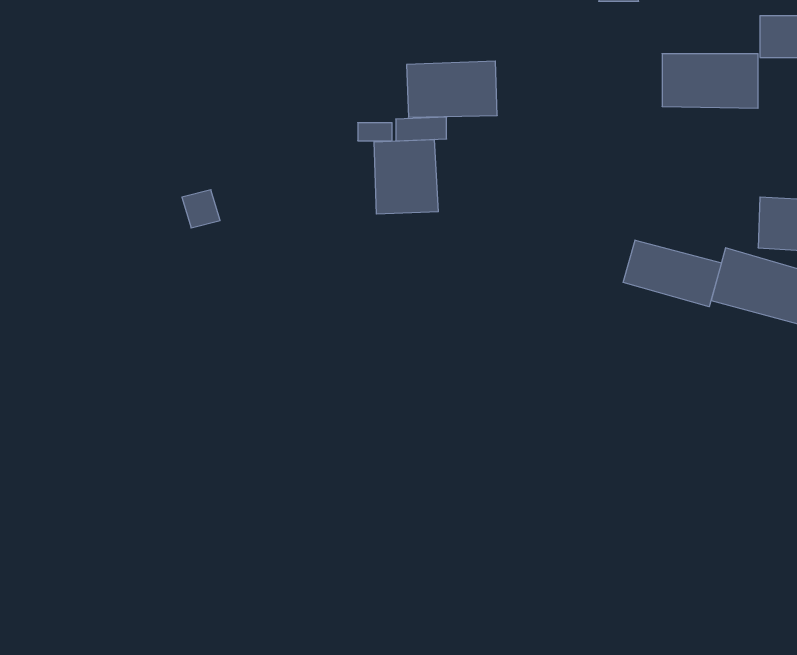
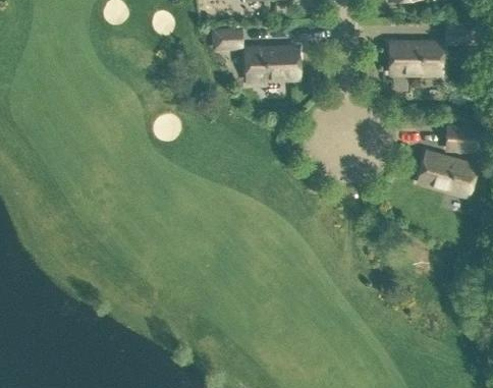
building: none -> [211,26,242,50]
building: [374,139,438,214] -> none
building: [623,240,721,307] -> none

